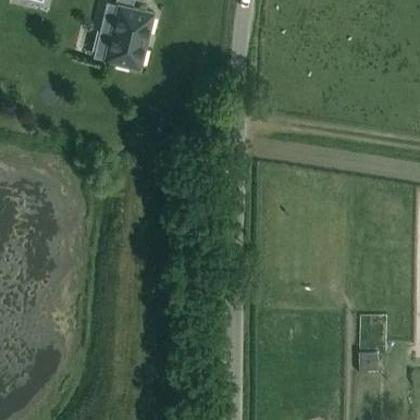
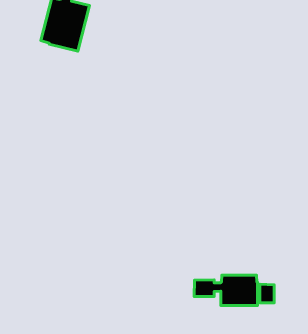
building: none -> [194,275,258,306]

